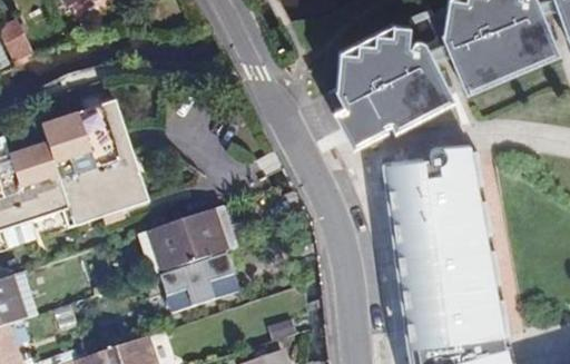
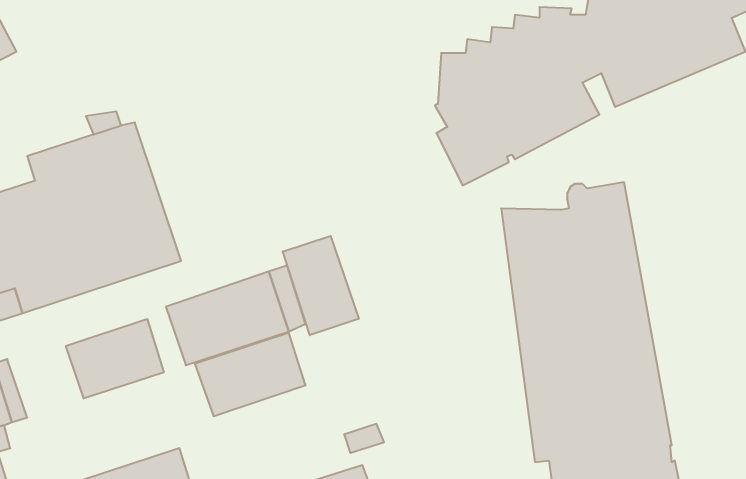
building: none -> [283,236,359,335]
building: none -> [66,319,164,399]

